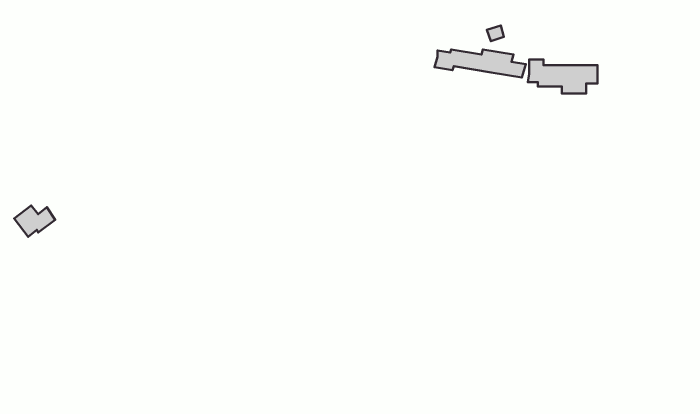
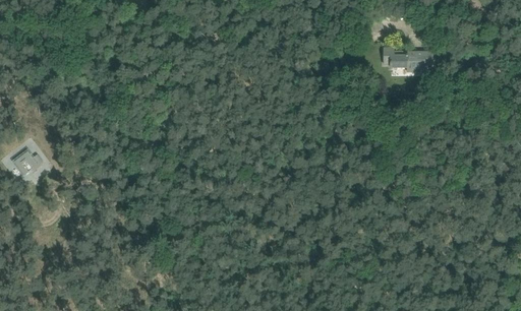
building: [435,49,526,78] -> none

